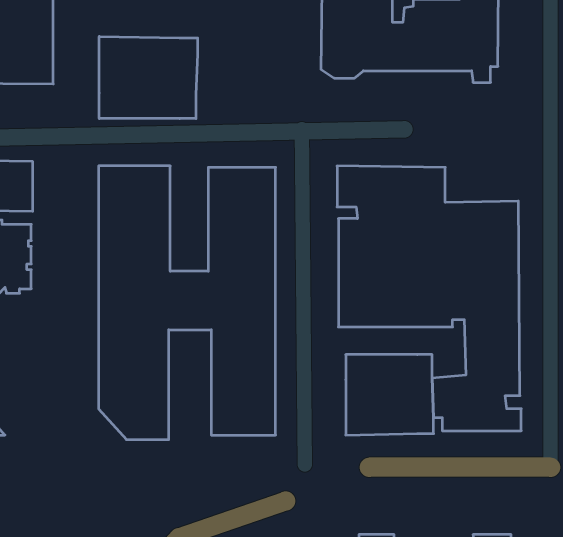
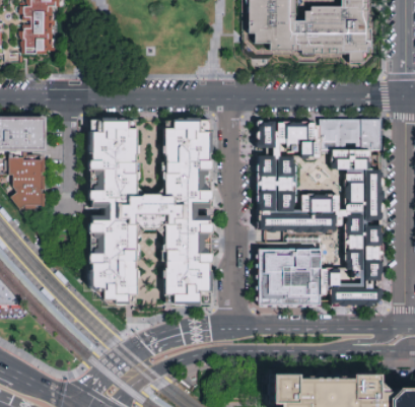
building: [99,36,198,119] -> none
building: none -> [330,119,381,144]

